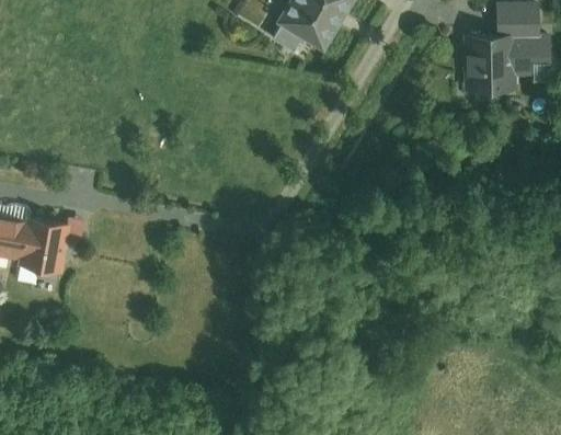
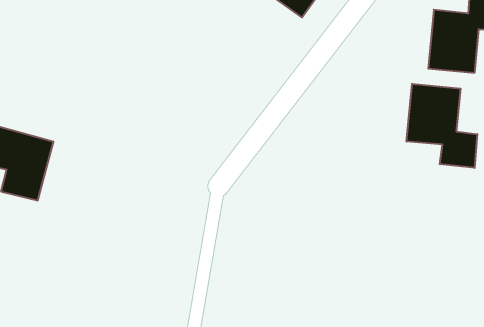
building: none -> [407,84,477,168]

